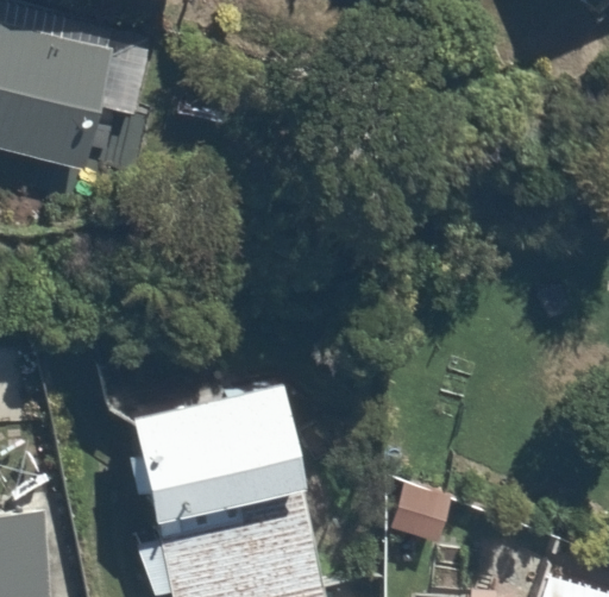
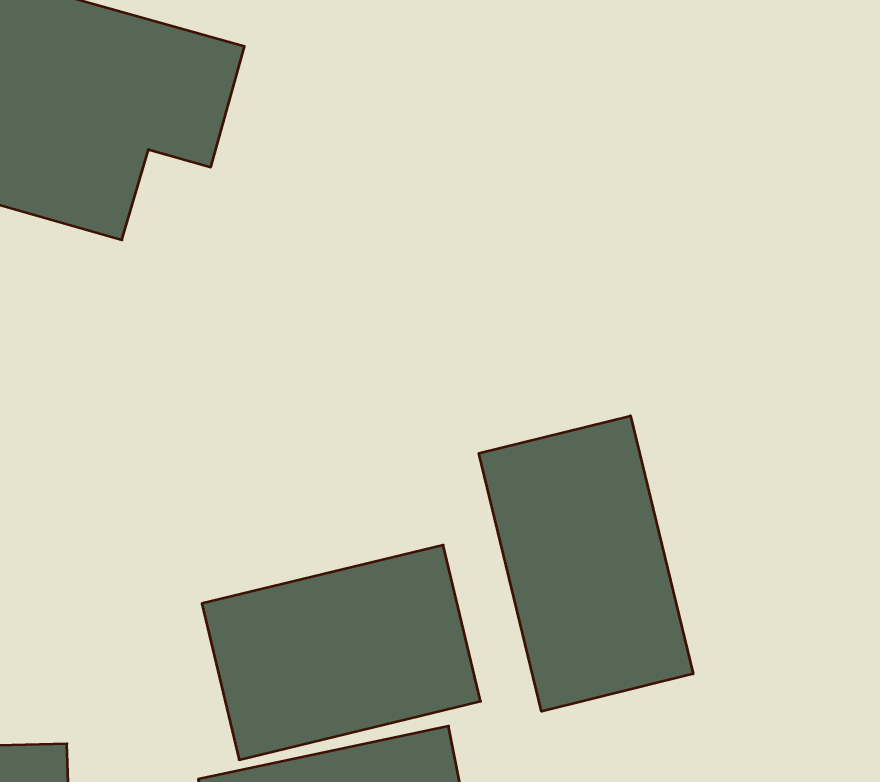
building: none -> [479,416,693,711]

